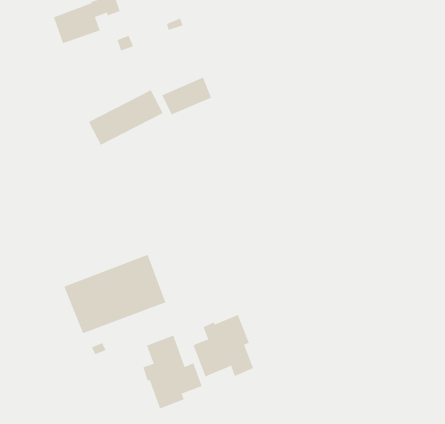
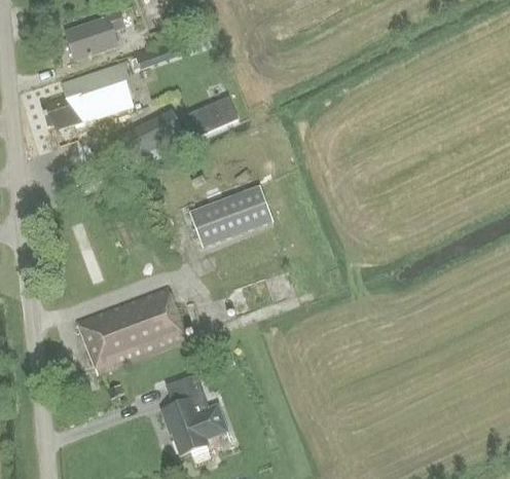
building: none -> [41,64,133,127]
building: none -> [190,185,272,247]
building: [193,314,254,377] -> none

